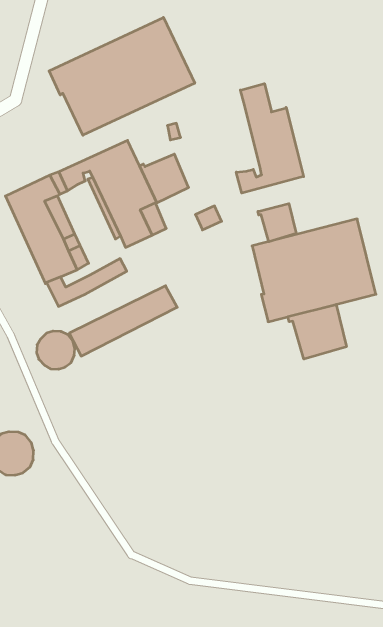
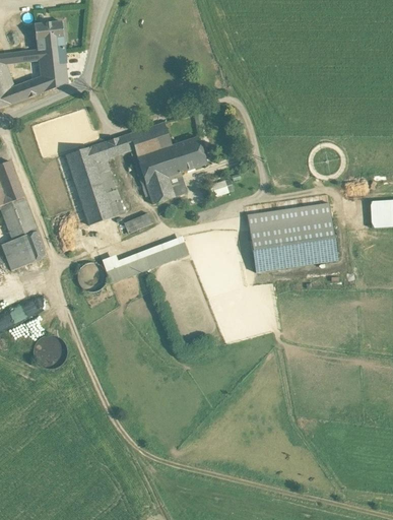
building: [49,17,195,135] -> none
building: [236,84,304,193] -> none
building: [258,204,296,242] -> none
building: [288,304,346,359] -> none

